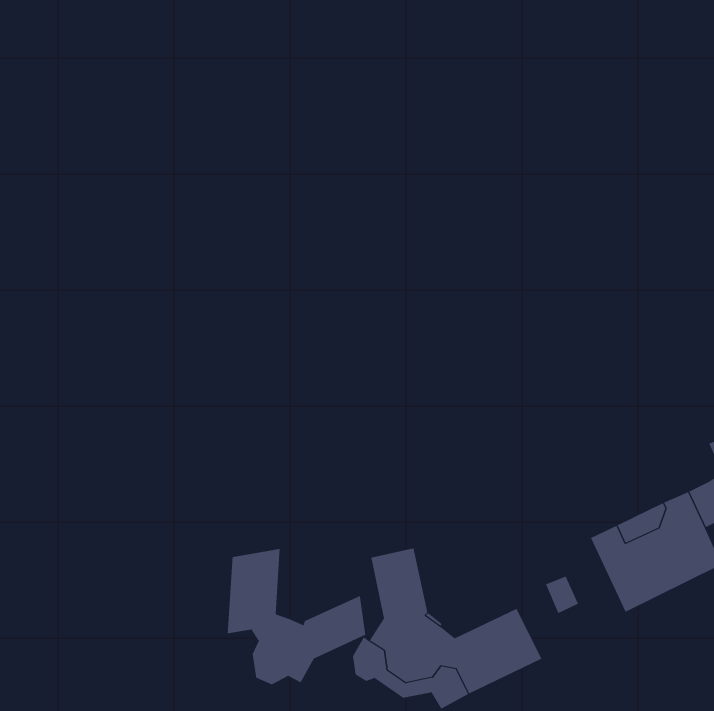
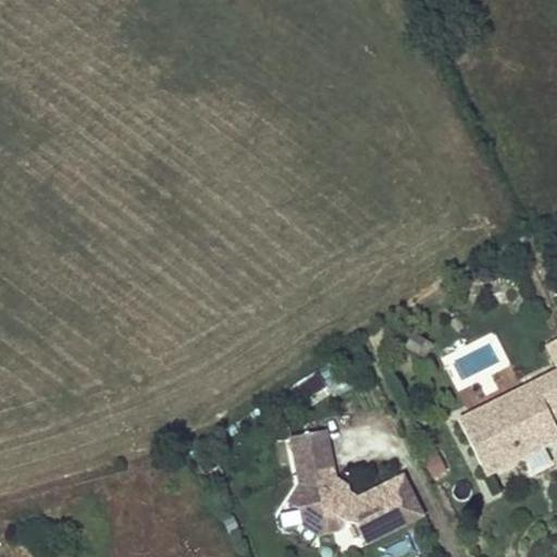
building: [227,548,366,685] -> none

